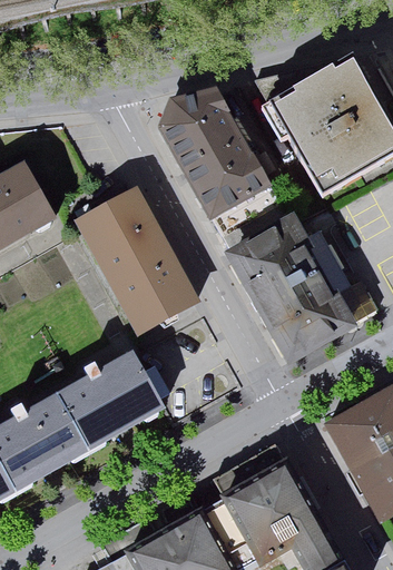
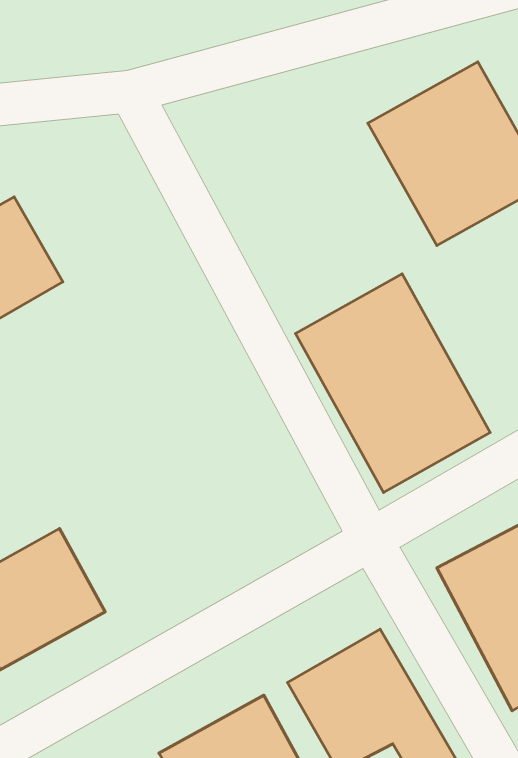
building: [160,88,273,225] -> none
building: [75,187,200,334] -> none
building: [58,351,165,451] -> none

